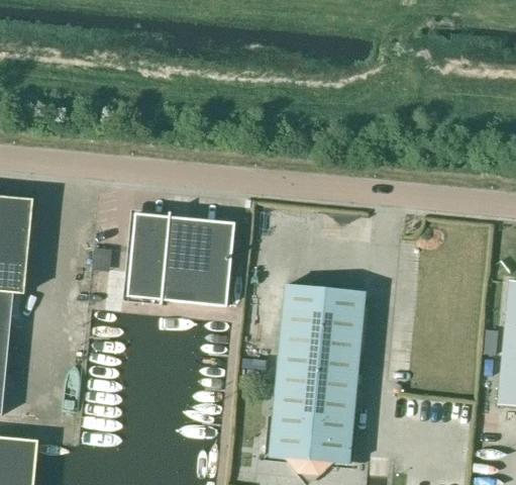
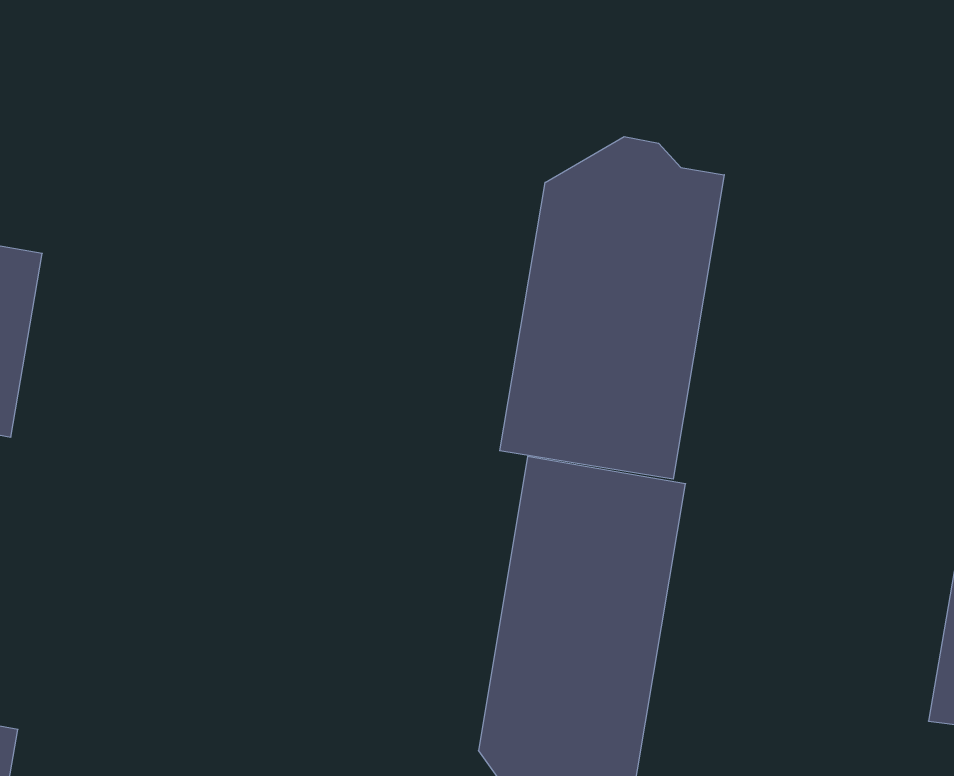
building: none -> [500,137,724,479]
building: [126,211,233,305] -> none

